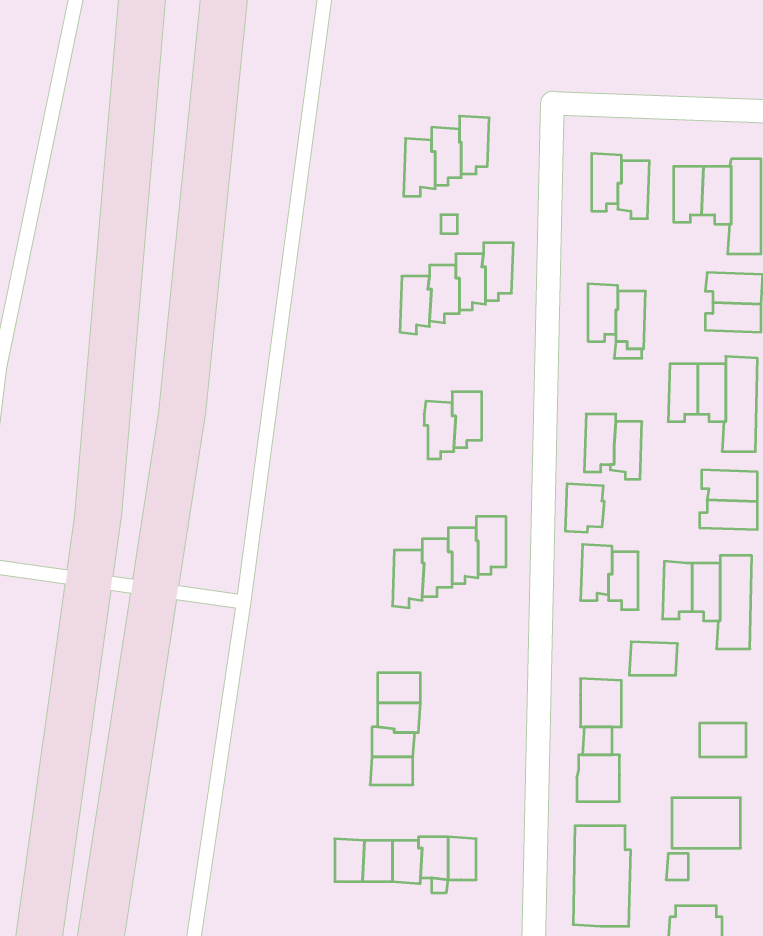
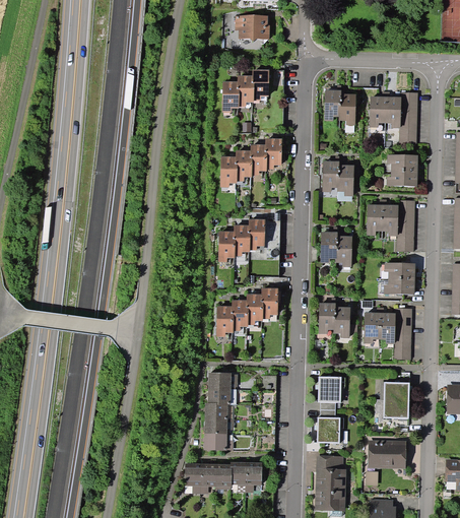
building: none -> [235,15,269,40]
building: none -> [217,231,235,262]
building: [566,484,604,532] -> none
building: [629,642,678,675] -> [383,382,409,400]
building: none -> [203,434,226,450]

